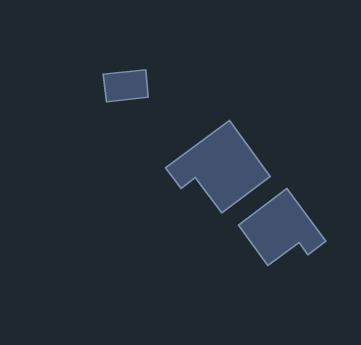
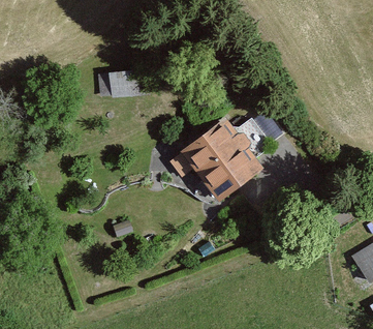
building: [238,188,326,265] -> none

